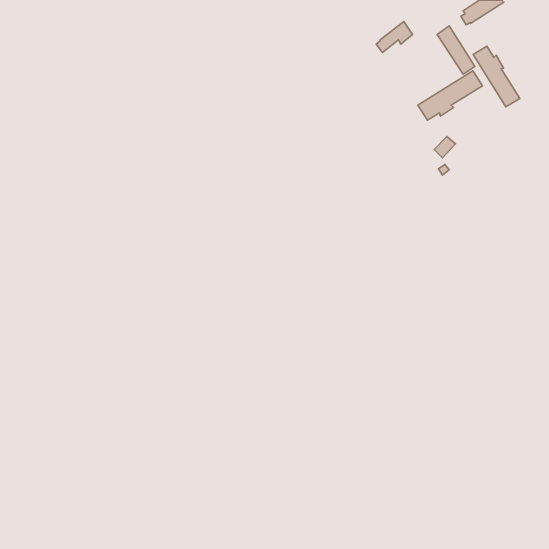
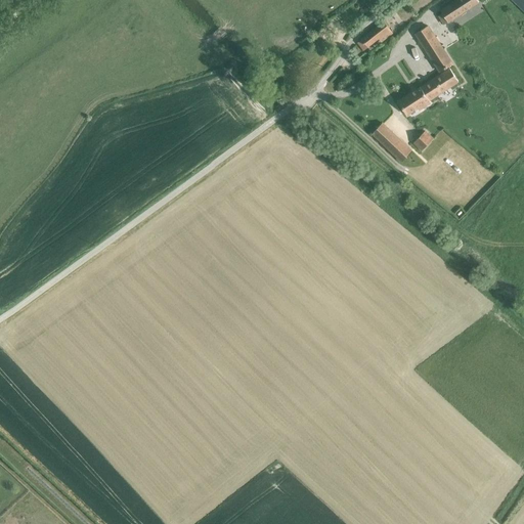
building: [473,46,520,107] -> none
building: none -> [372,122,412,161]

